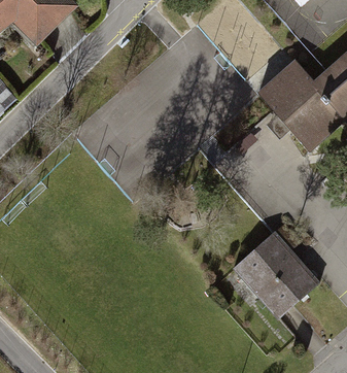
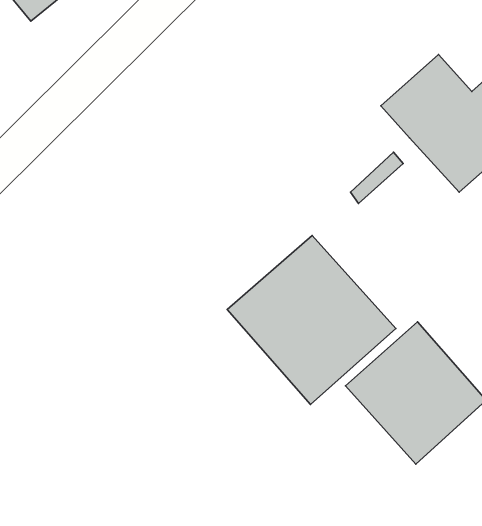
building: none -> [227,235,396,404]

